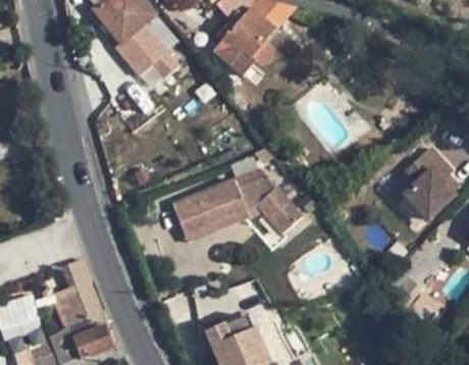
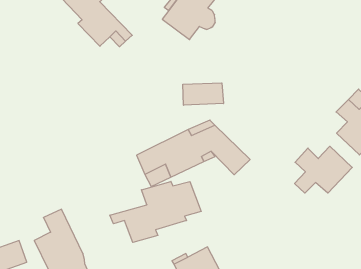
building: none -> [183,83,223,105]
building: none -> [295,146,352,193]
building: none -> [110,181,201,242]

